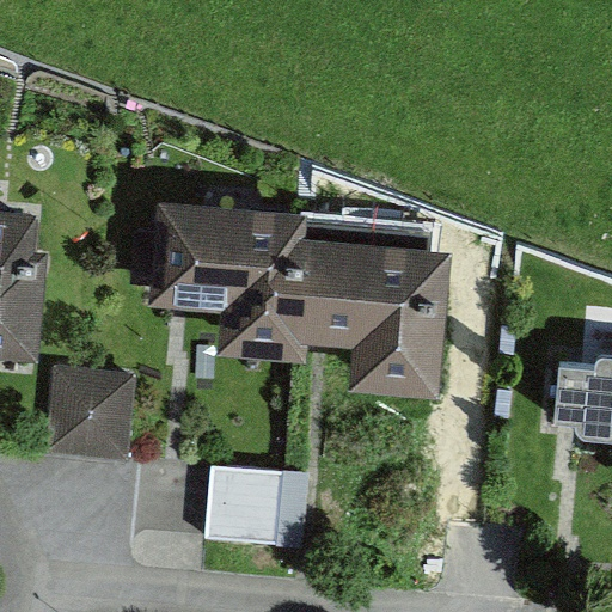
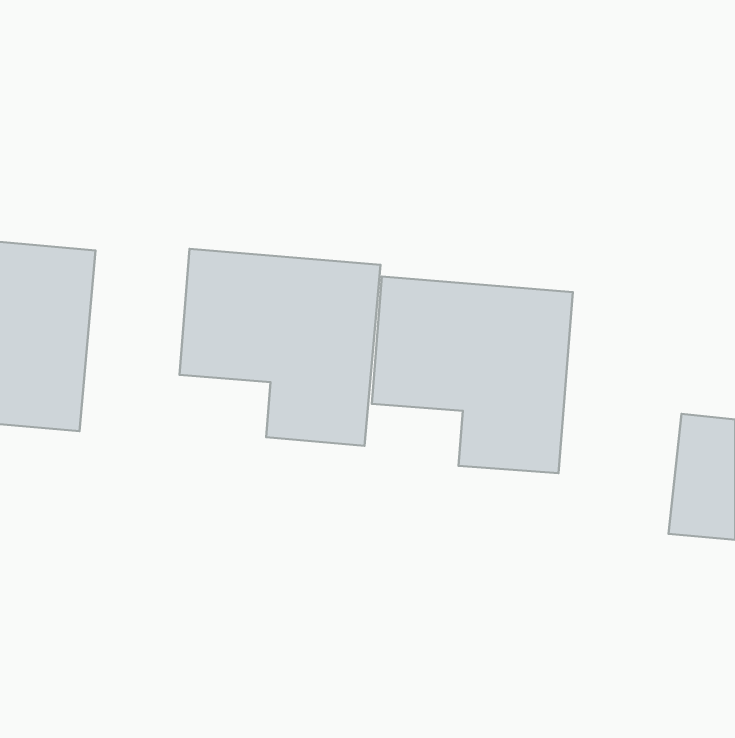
building: [38,371,127,458] -> none
building: [202,465,286,543] -> none

